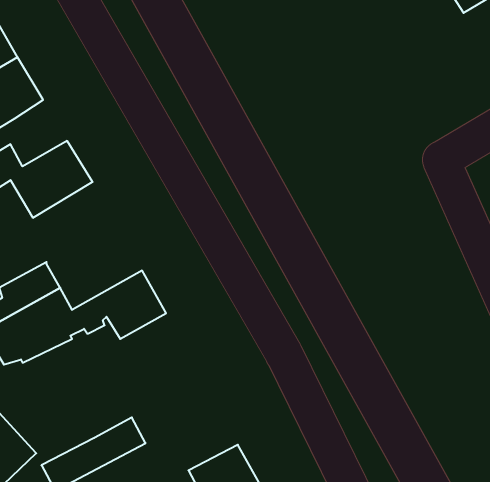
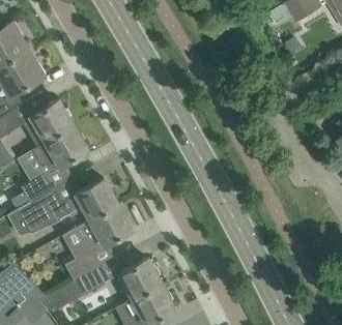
building: none -> [31,125,88,172]
building: none -> [61,205,132,280]
building: none -> [117,259,161,300]

